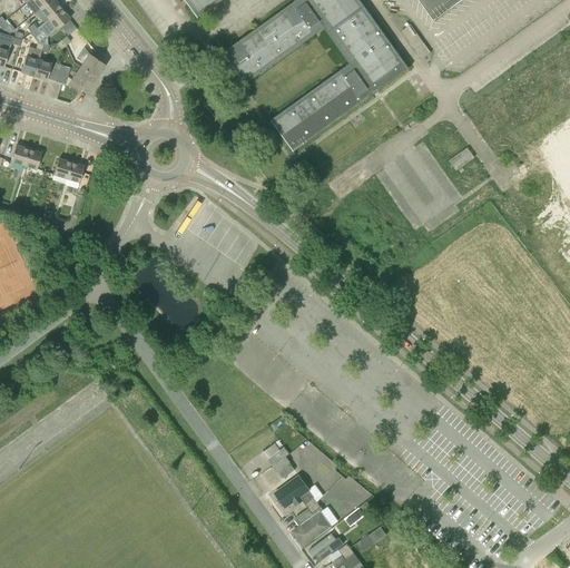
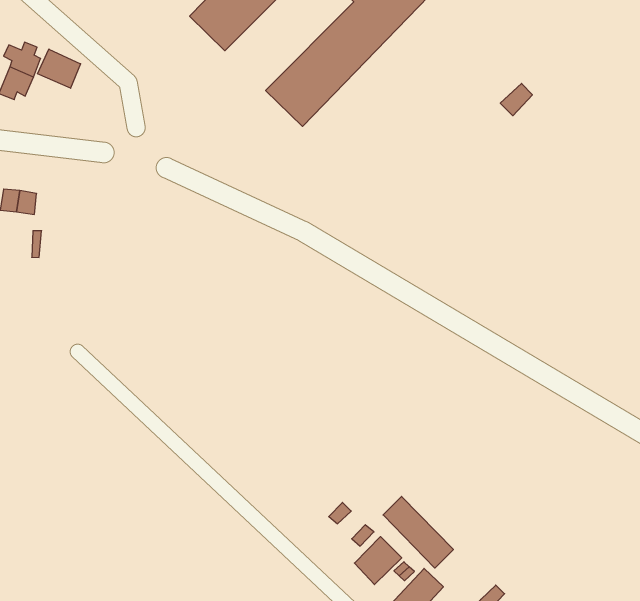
building: none -> [38,49,81,88]
building: none -> [383,496,453,568]

